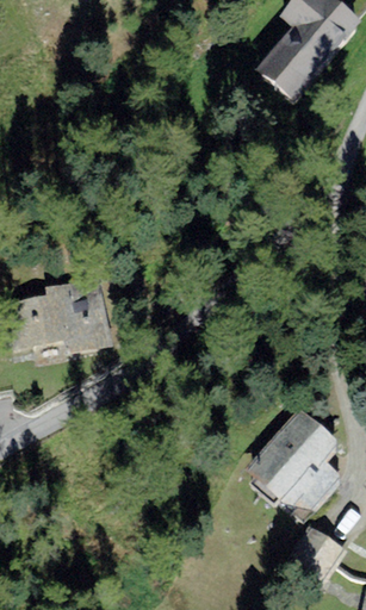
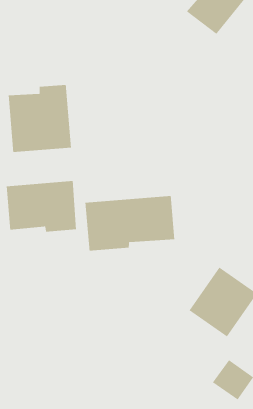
building: none -> [8,84,72,153]
building: none -> [85,195,175,251]

